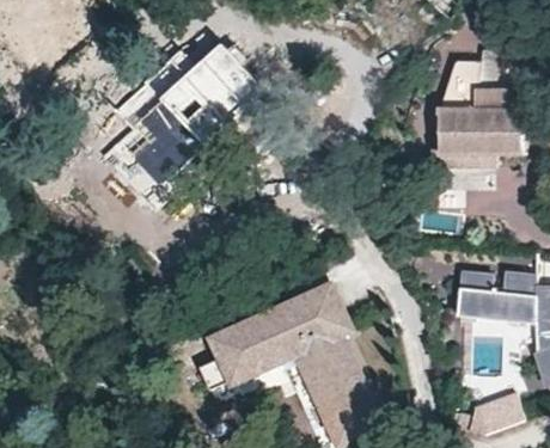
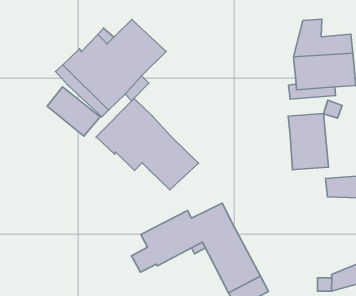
building: none -> [96,99,199,190]
building: none -> [288,114,329,170]
building: [280,287,353,336] -> none

